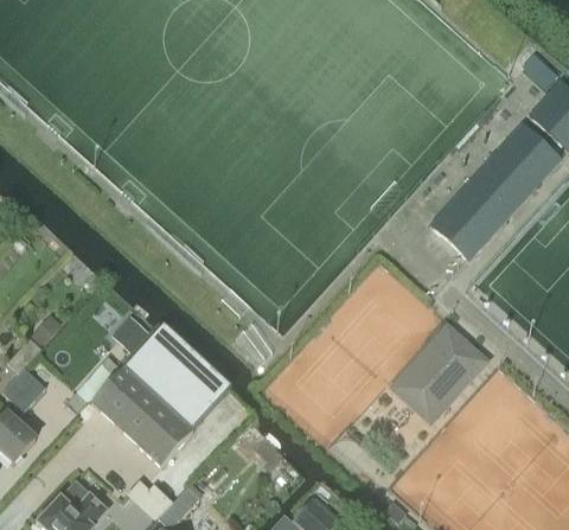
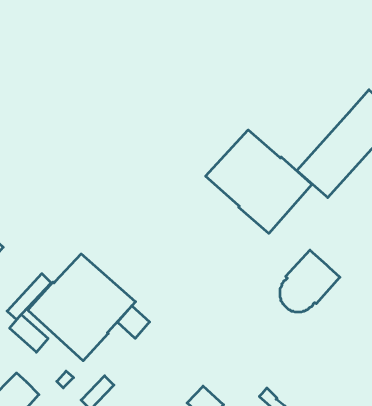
building: none -> [206,130,312,233]
building: none -> [117,306,150,338]
building: none -> [10,314,48,352]

